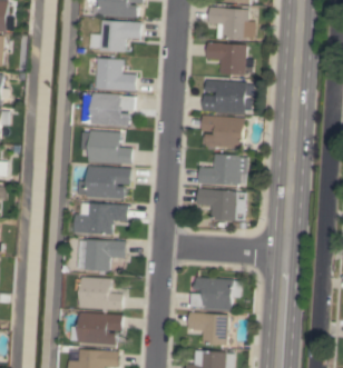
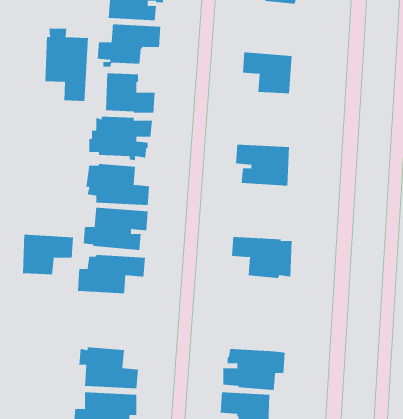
building: [207,8,255,40] -> none
building: none -> [45,28,89,102]
building: [203,80,247,115] -> none
building: [198,155,247,186] -> none
building: [86,239,127,271] -> [22,234,74,275]

